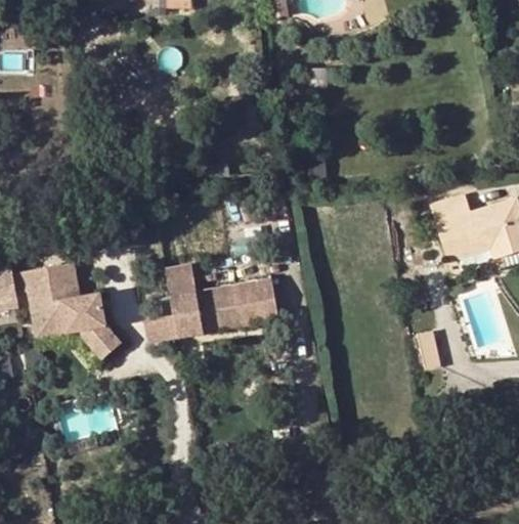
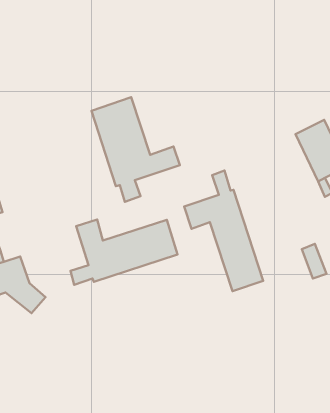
building: none -> [91,97,180,202]
building: none -> [184,171,263,291]

